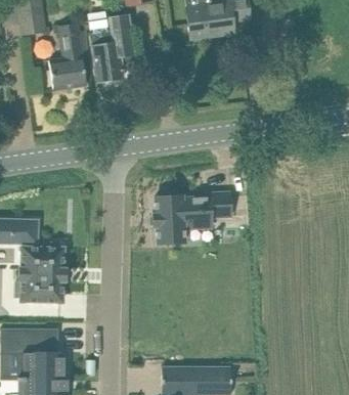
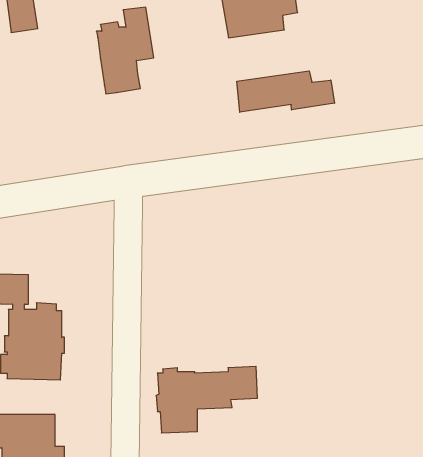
building: [48,24,86,91] -> none
building: none -> [237,71,334,112]
building: [152,192,230,244] -> [156,366,257,433]

